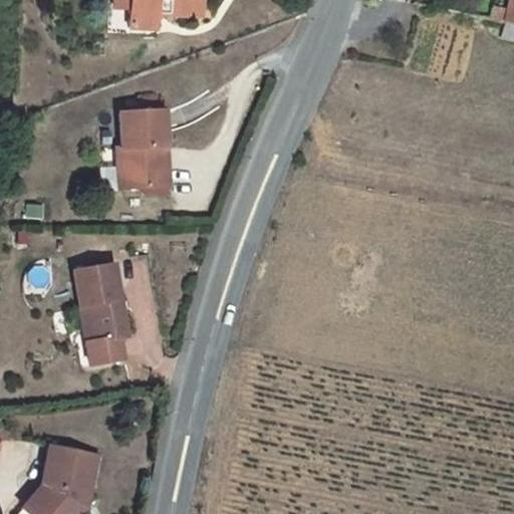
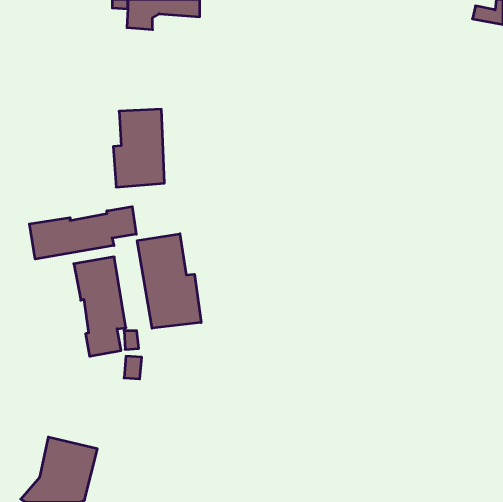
building: none -> [29,207,136,259]
building: none -> [137,234,201,328]

